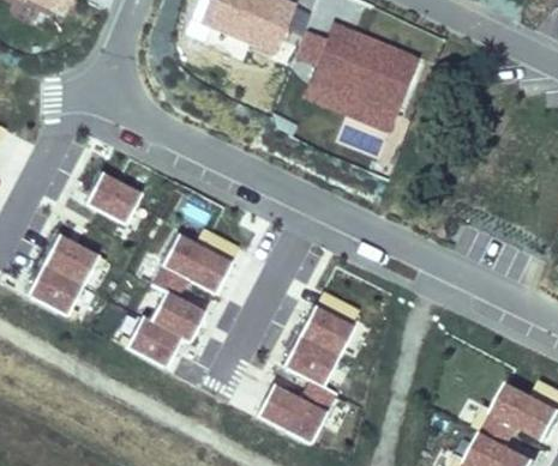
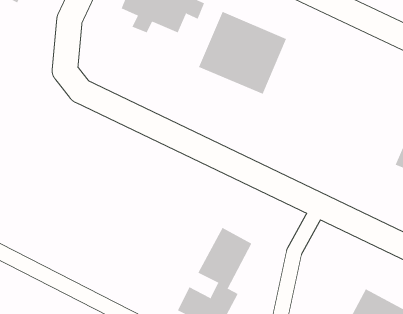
building: [90,171,145,223] -> none
building: [134,230,240,363] -> none
building: [32,231,103,311] -> none

